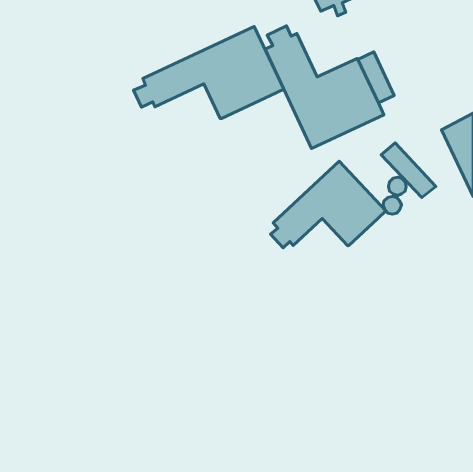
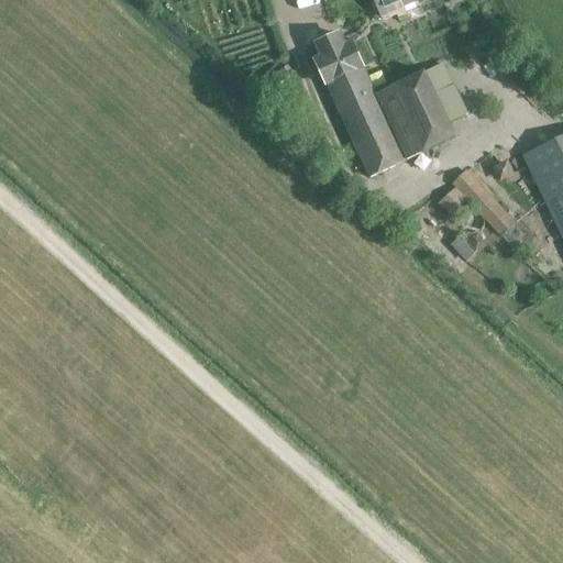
building: [134,26,284,119] -> none
building: [271,161,386,248] -> none

